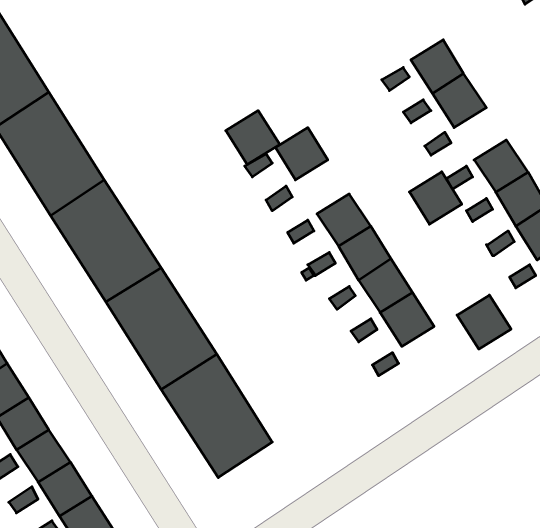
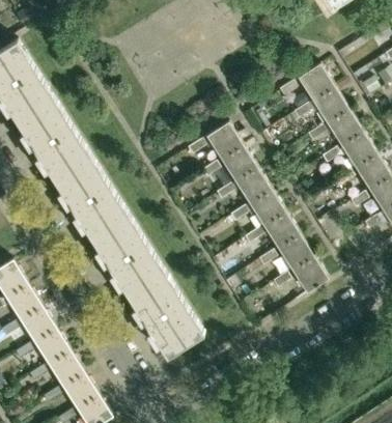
building: [226,111,280,164] -> [220,144,256,180]
building: [409,172,462,224] -> [327,109,362,144]
building: [457,295,511,349] -> [291,256,328,292]

